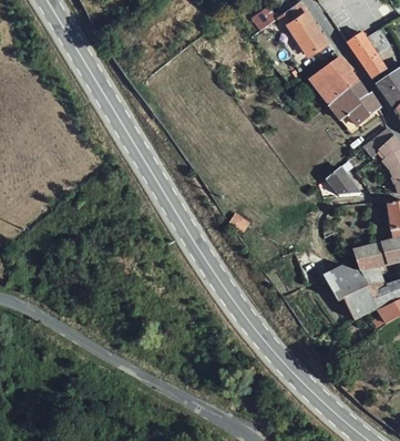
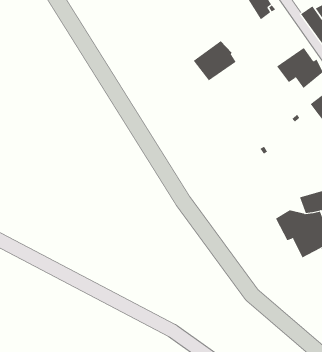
building: [308,55,358,102] -> [193,40,236,81]
building: [324,165,360,195] -> none

